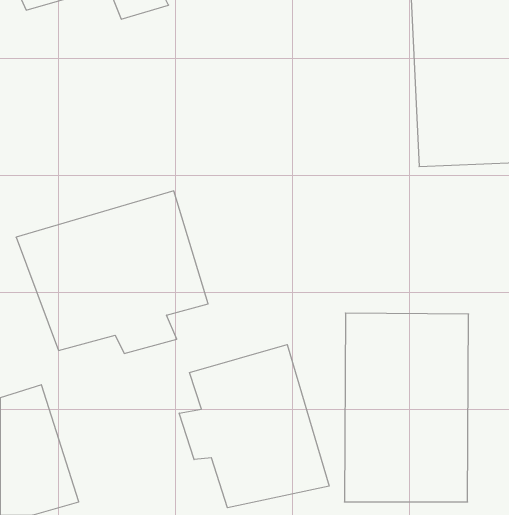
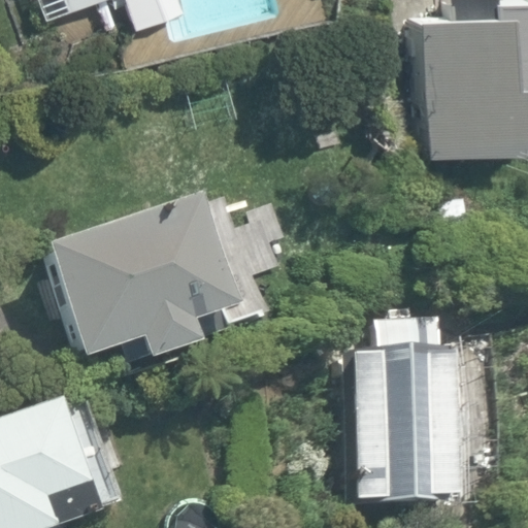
building: [179,345,329,508] -> none

